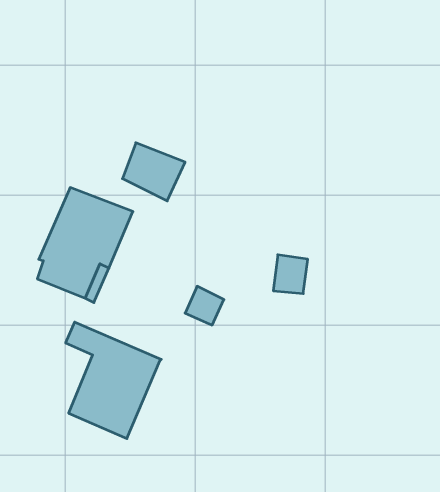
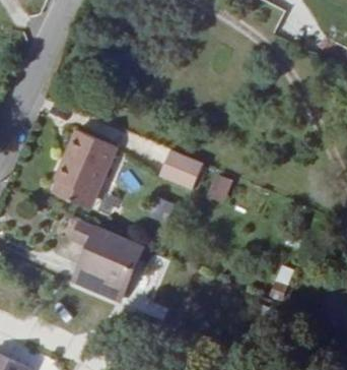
building: [122,143,185,201] -> [159,148,202,188]

